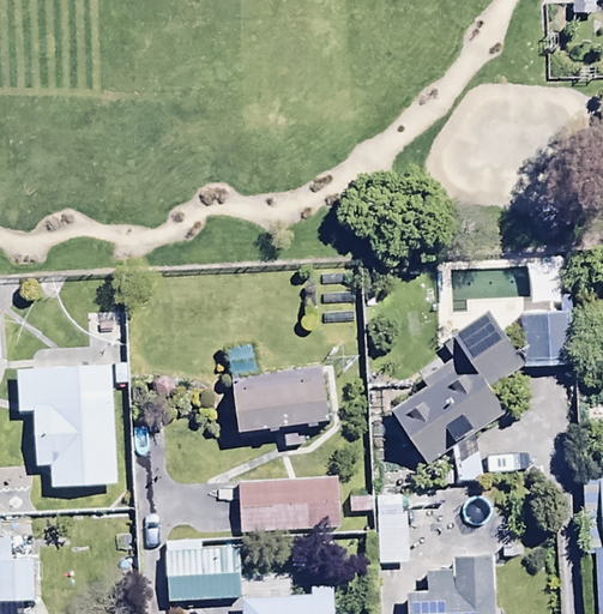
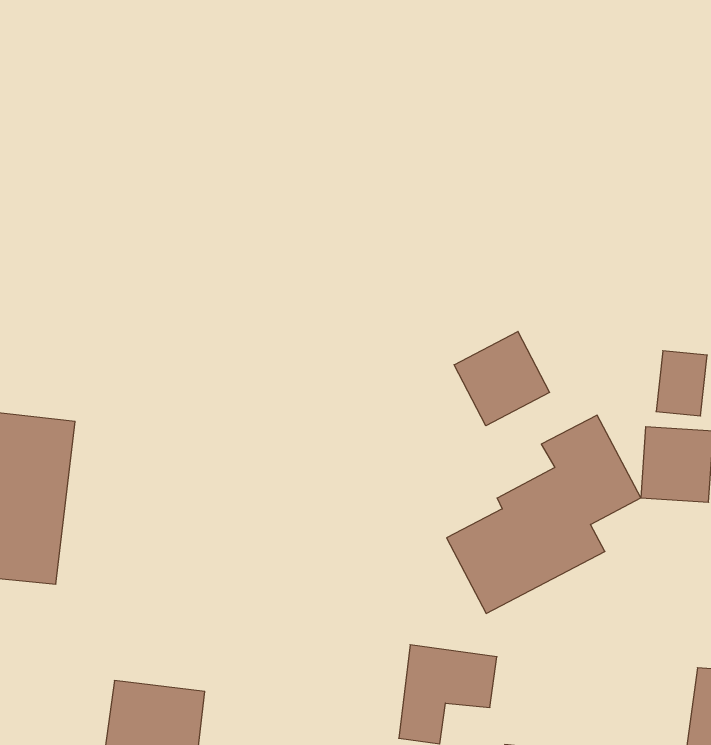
building: none -> [454,331,550,426]
building: [231,367,327,443] -> none
building: [239,476,340,534] -> none

